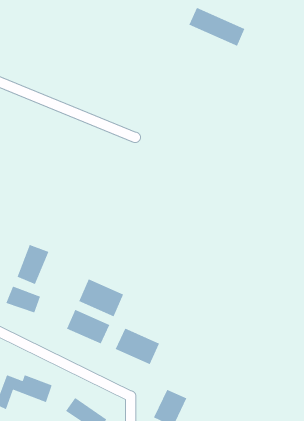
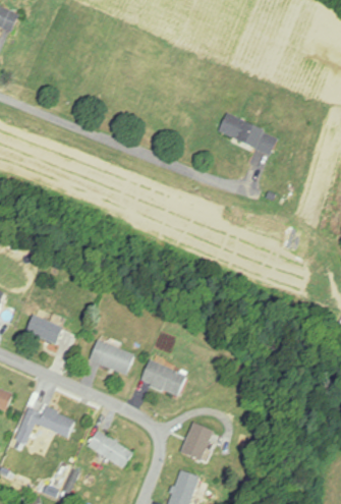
building: [189,7,245,46] -> [218,114,277,155]
building: [17,244,49,285] -> none
building: [79,279,124,317] -> none

